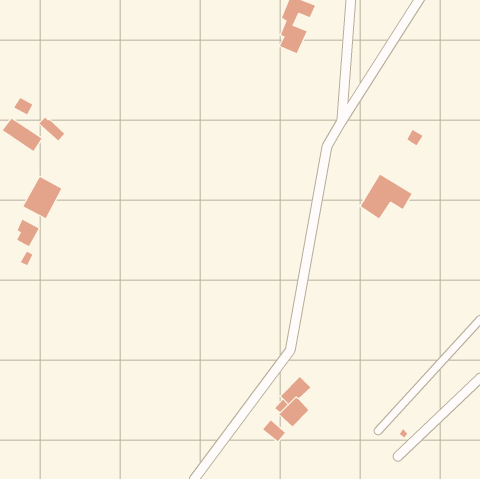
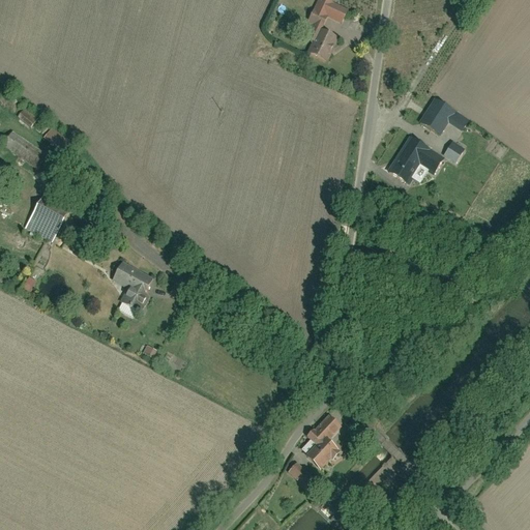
building: none -> [419,98,453,134]
building: [360,174,413,219] -> [386,135,444,184]
building: [16,219,39,247] -> none
building: none -> [112,260,152,307]

